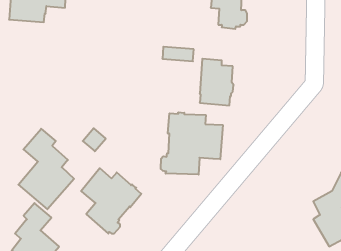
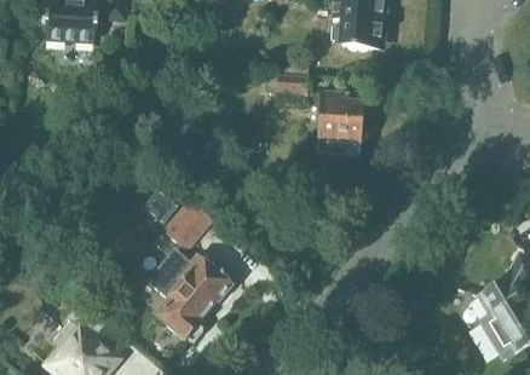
building: [161,112,223,175] -> none
building: [18,129,74,209] -> none
building: none -> [162,201,212,252]

